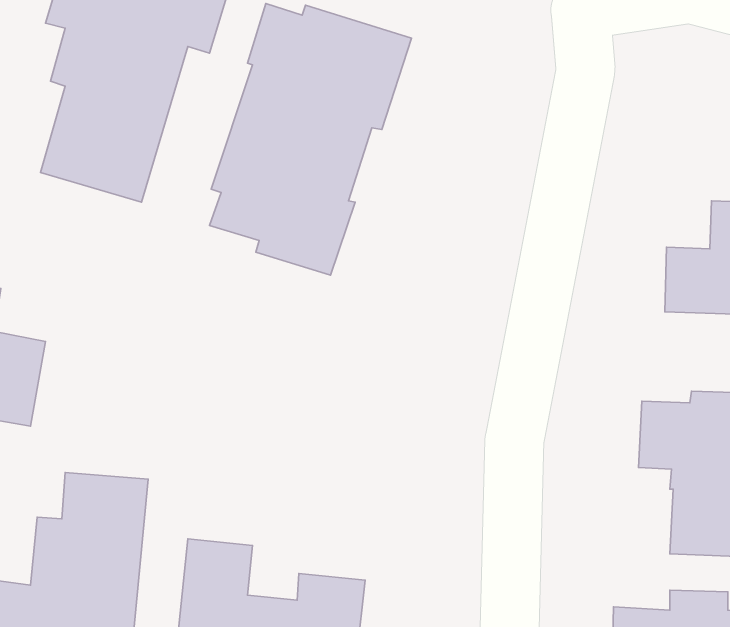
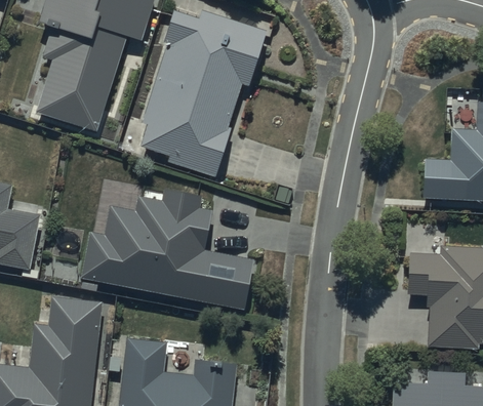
building: none -> [81,190,253,308]

